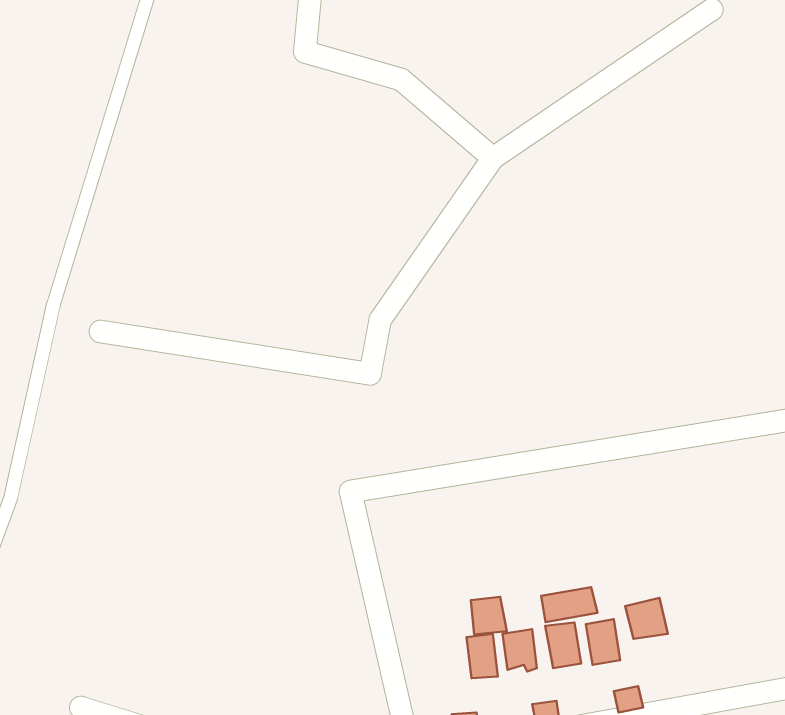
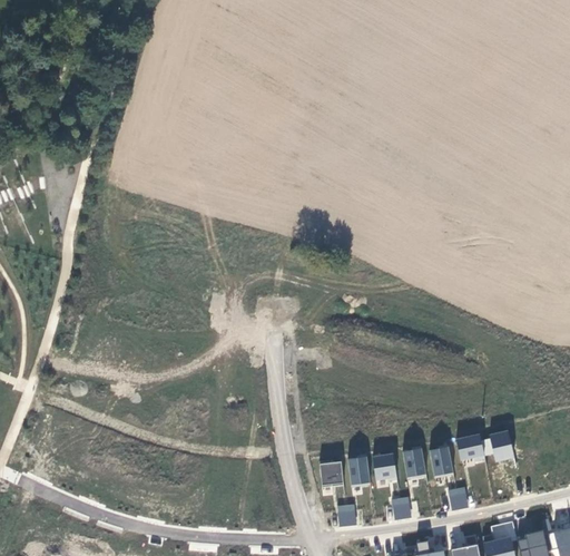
building: [541,587,598,622] -> none
building: none -> [488,429,514,461]
building: [471,597,507,634] -> [318,460,343,486]

